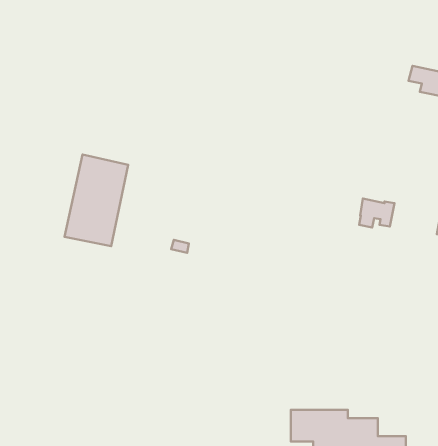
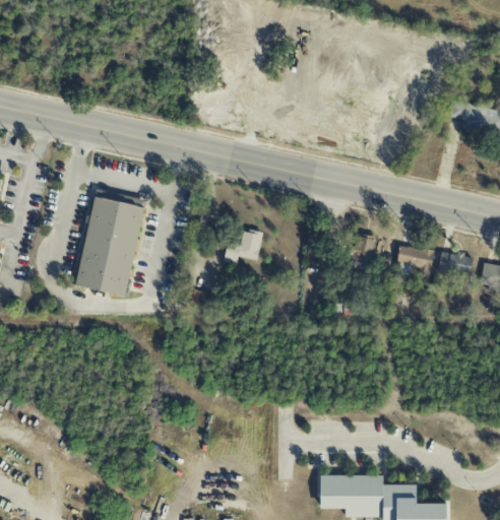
building: none -> [223,229,262,264]
building: none -> [347,234,374,262]
building: none -> [436,251,472,277]

